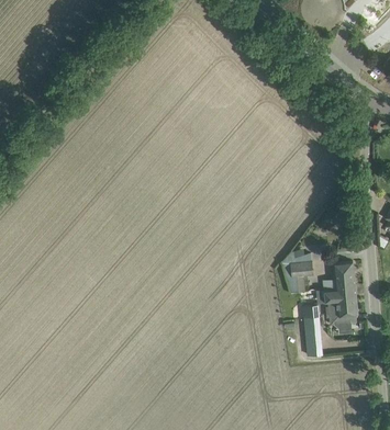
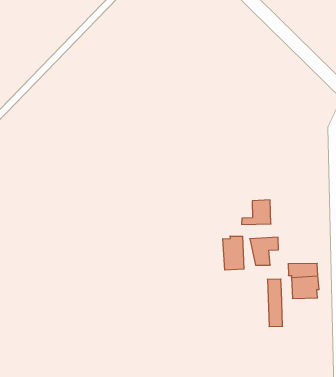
building: [325,262,356,290] -> [242,200,271,224]
building: none -> [223,236,244,270]

